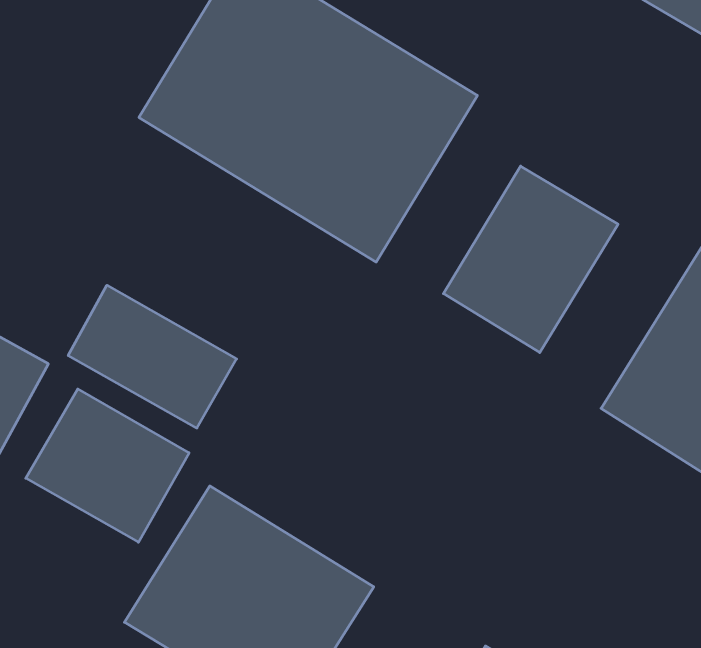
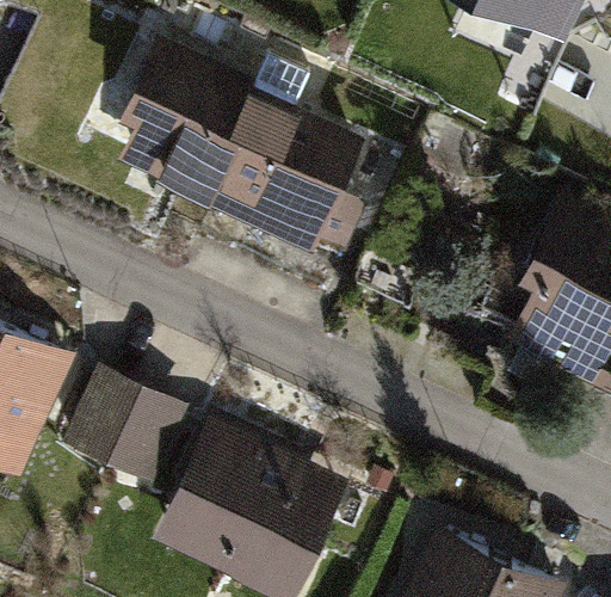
building: [443,166,618,353] -> none
building: [68,285,237,428] -> none

